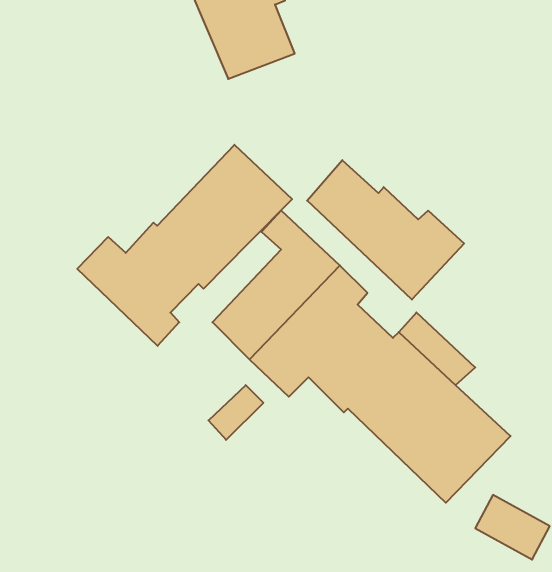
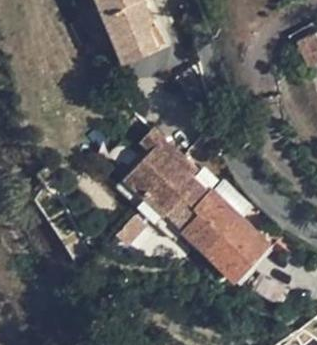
building: [77,145,292,346] -> none
building: [307,160,464,300] -> none

